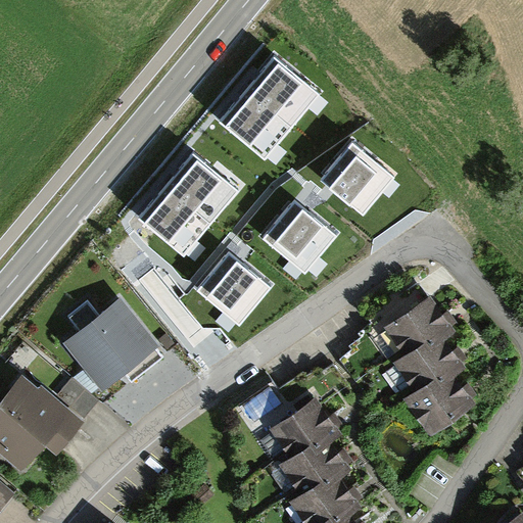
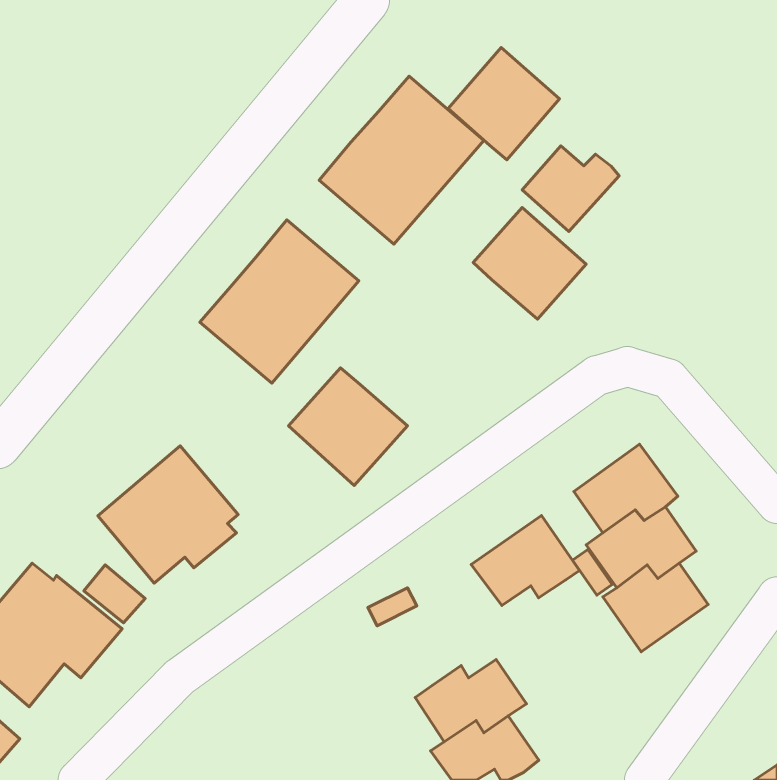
building: none -> [448,48,560,160]
building: none -> [522,146,619,232]
building: [260,195,337,271] -> none
building: [269,398,341,459] -> [471,516,580,606]

